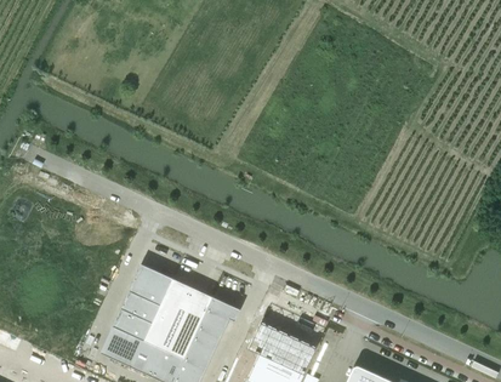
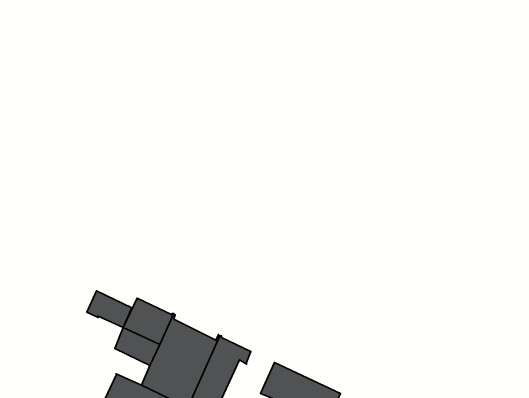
building: [113,308,152,340] -> [87,291,132,327]

